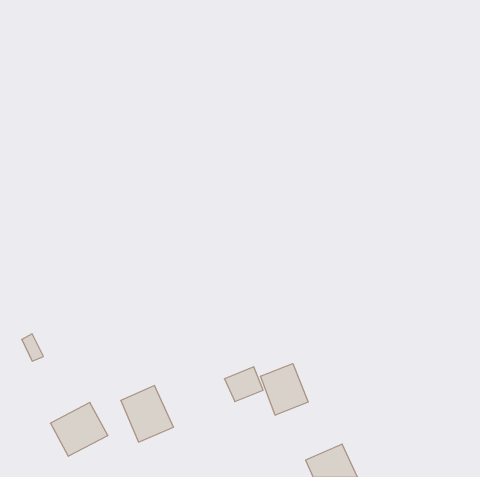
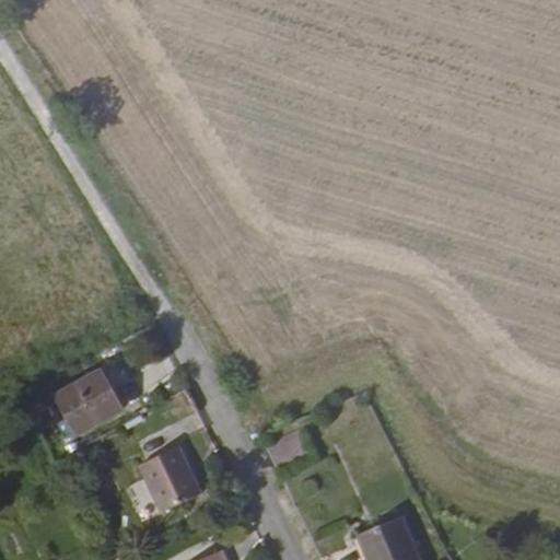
building: [261,364,308,415] -> none
building: [50,402,108,456] -> [57,372,124,434]

